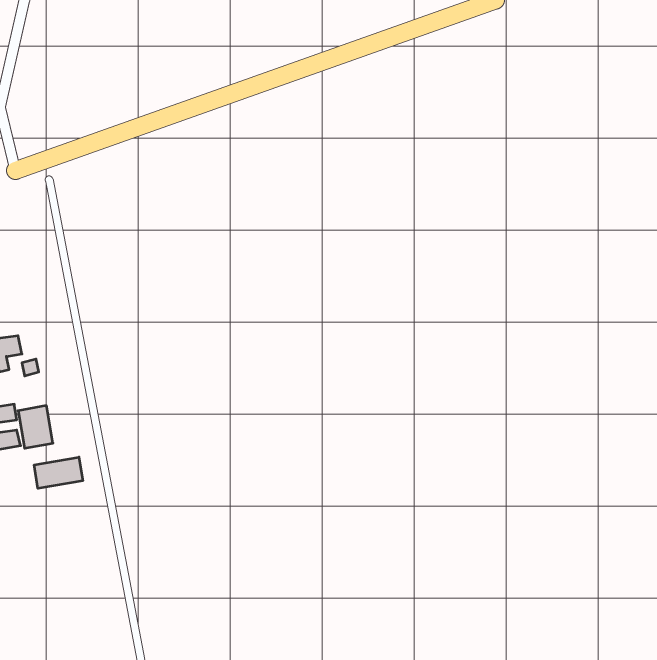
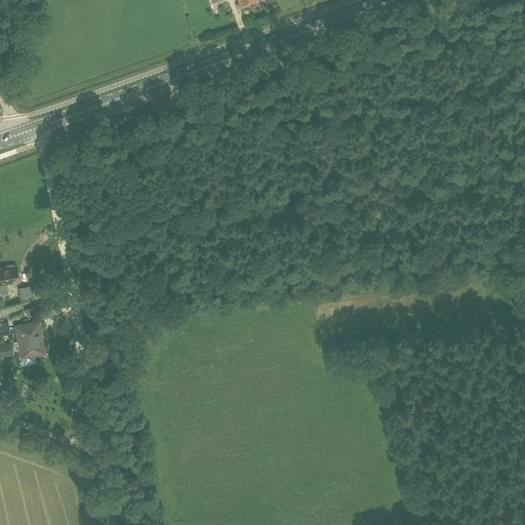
building: [34,457,83,488] -> none

